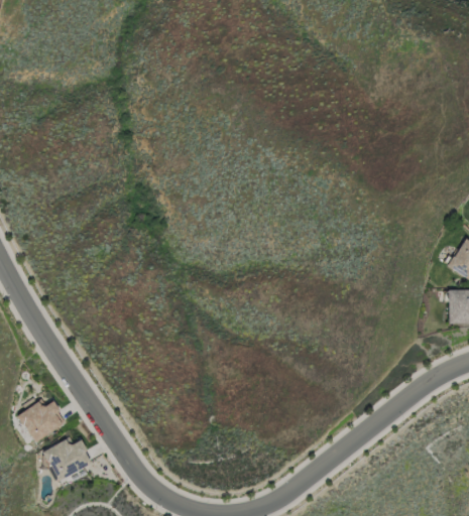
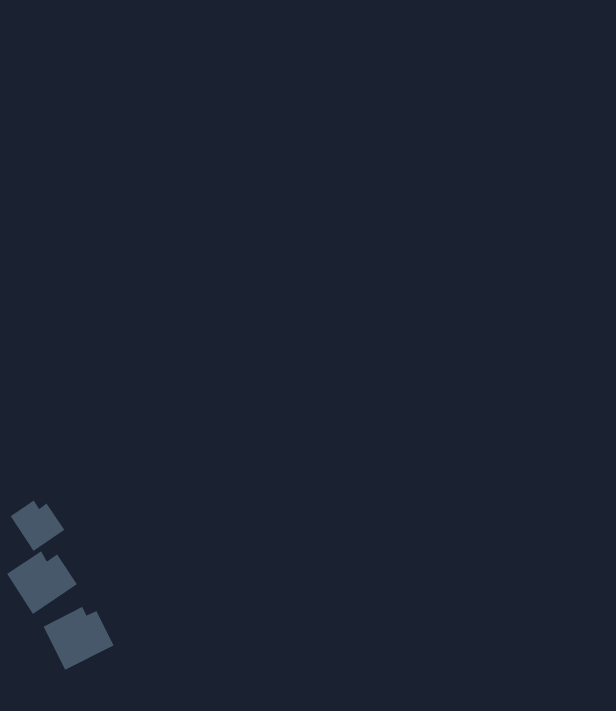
building: none -> [10,500,65,552]

